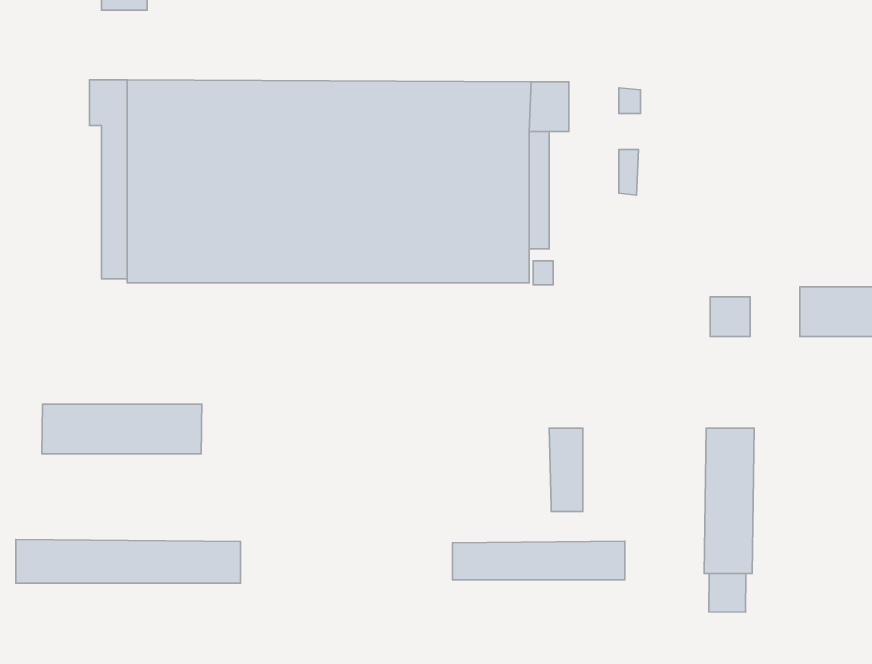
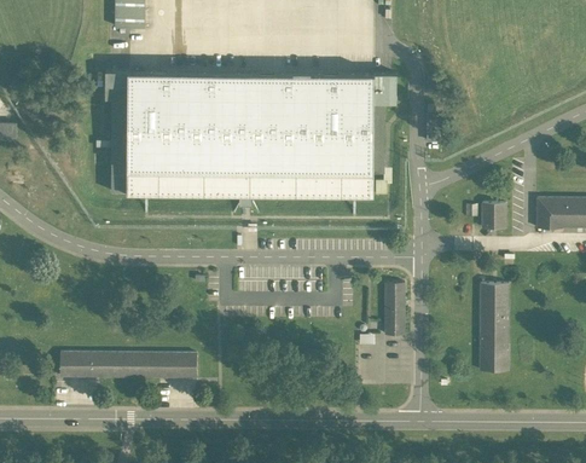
building: [42,404,202,454] -> none
building: [453,541,625,580] -> none
building: [709,573,746,612] -> none

